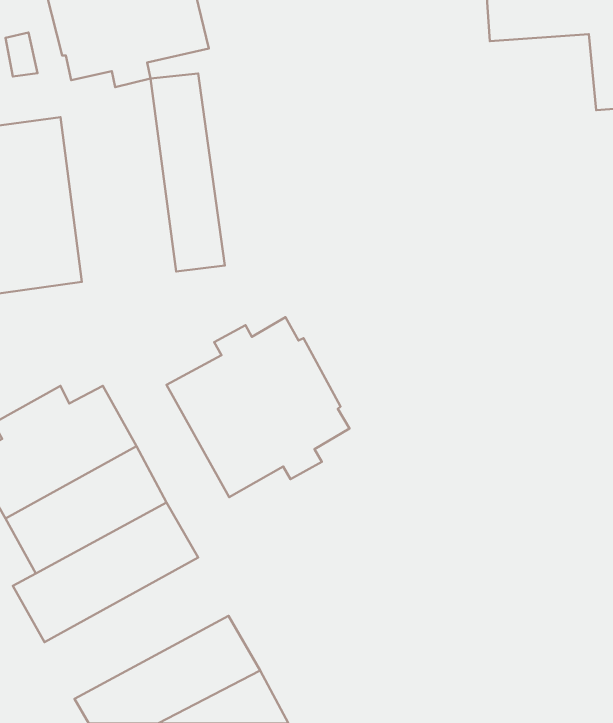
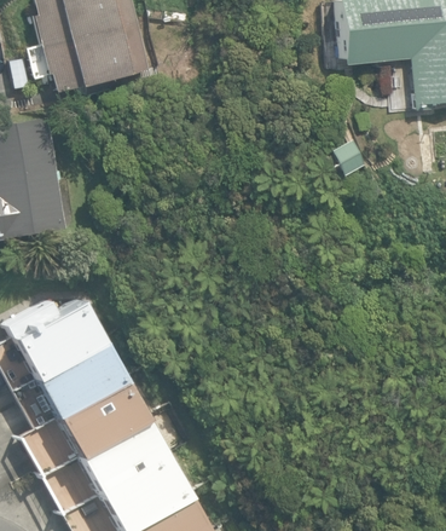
building: [151,74,225,271] -> none
building: [167,317,350,497] -> none
building: none -> [40,416,166,513]

